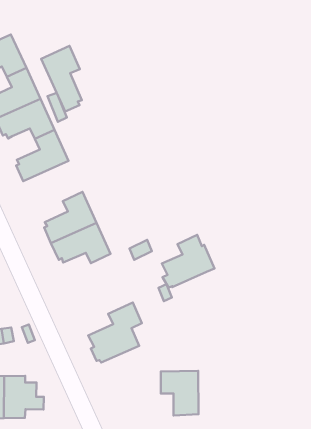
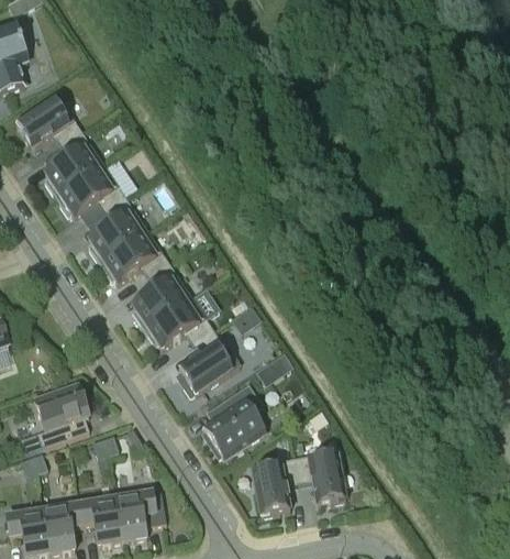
building: [41,46,82,112] -> none
building: none -> [98,231,168,283]
building: [162,235,215,288] -> [177,330,239,396]
building: none -> [251,456,297,514]

